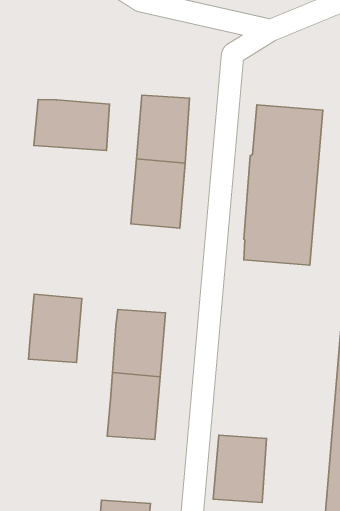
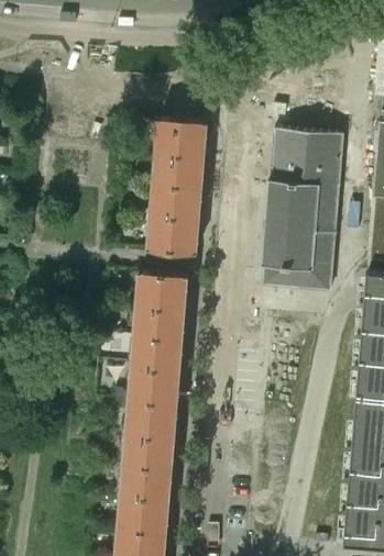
building: [34,99,109,151] -> none
building: [29,294,82,363] -> [133,271,187,341]
building: [213,435,266,502] -> [117,466,171,534]

